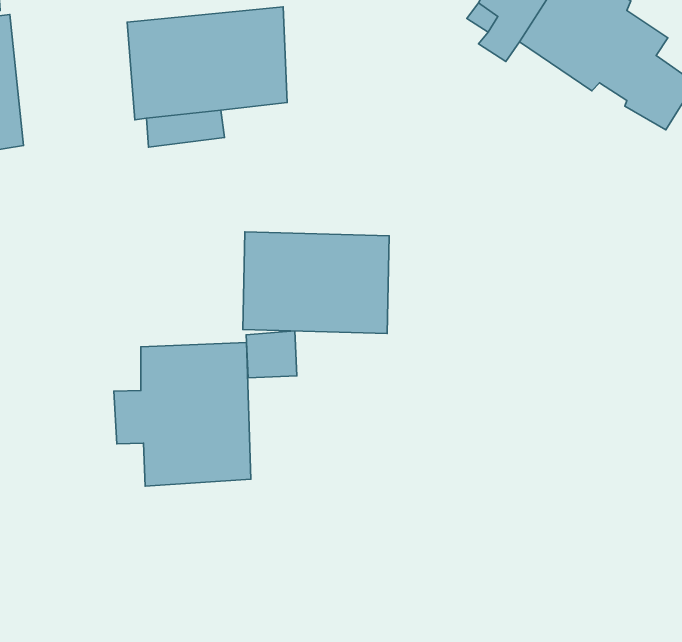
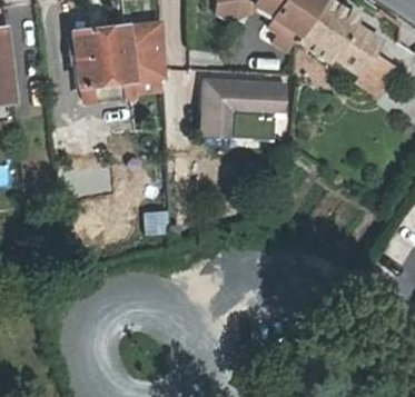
building: [243,232,389,333] -> [202,86,286,143]
building: [114,342,251,486] -> none

